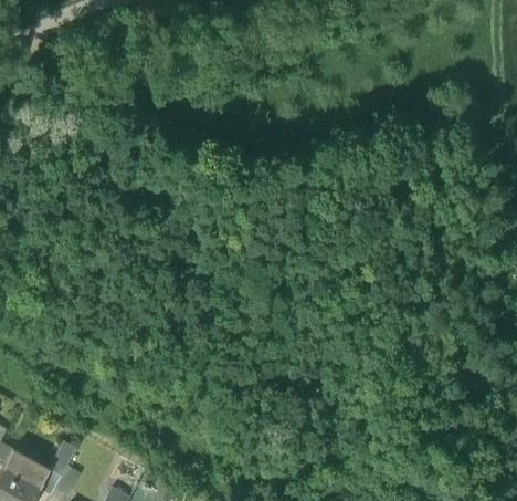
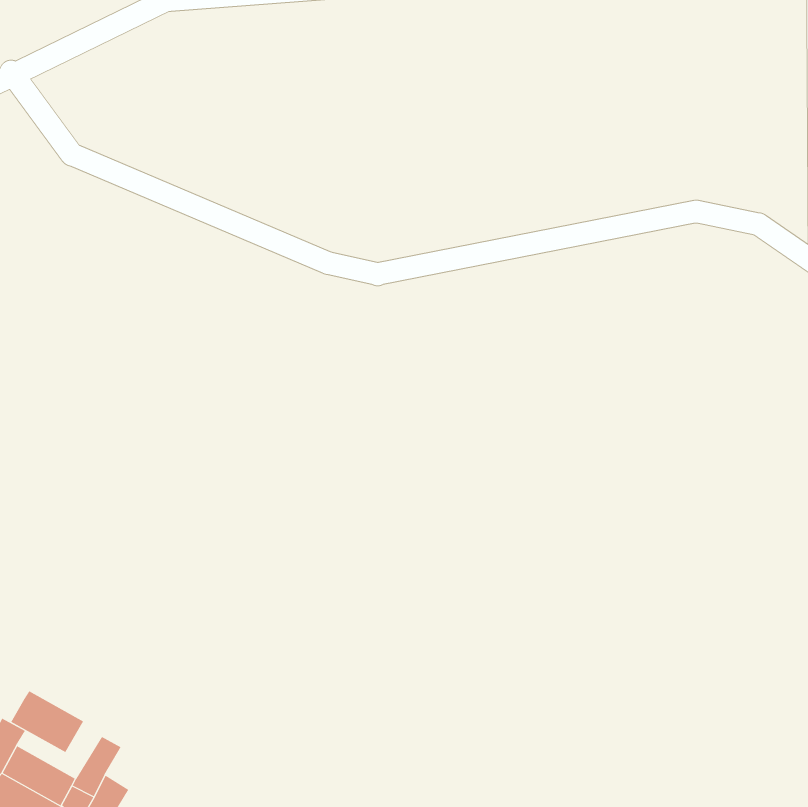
building: none -> [11,691,84,753]

